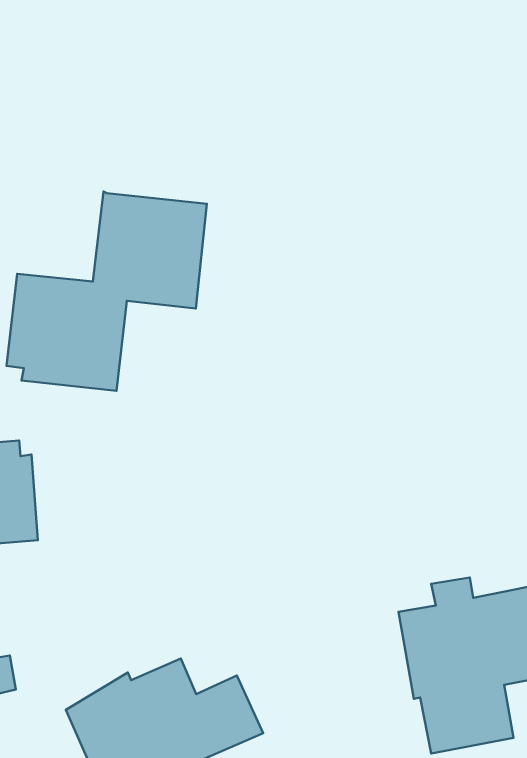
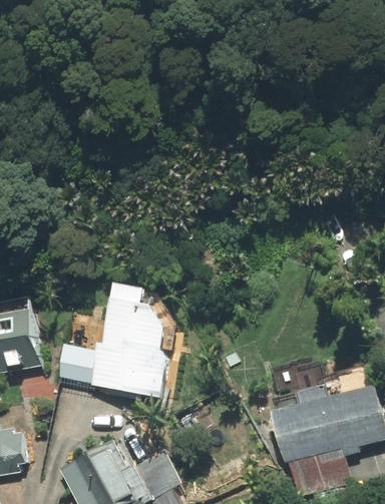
building: [7,191,207,391] -> none
building: none -> [56,282,170,395]

